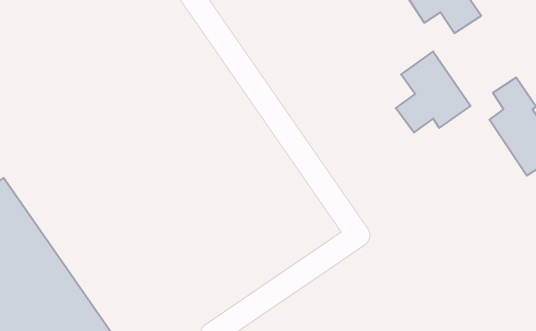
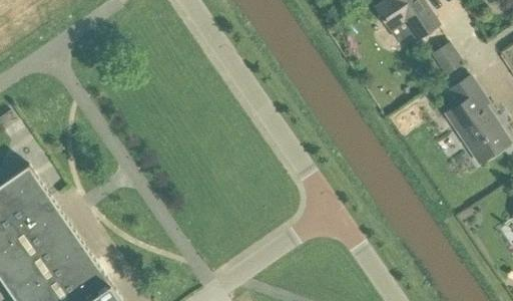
building: none -> [432,43,462,74]
building: [396,51,471,133] -> none

